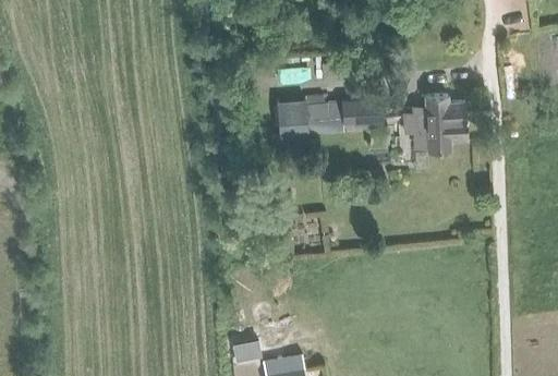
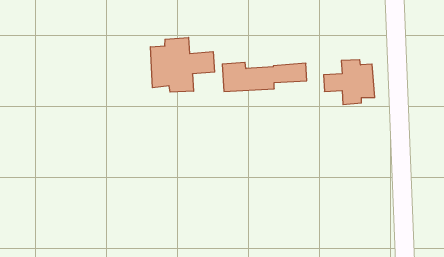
building: none -> [150,37,215,92]

